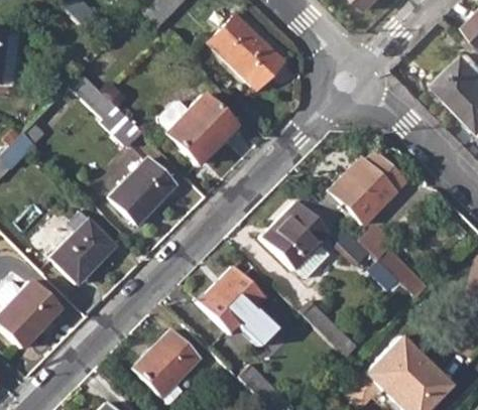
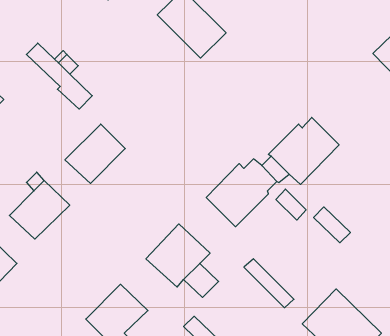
building: [160,95,235,163] -> none

